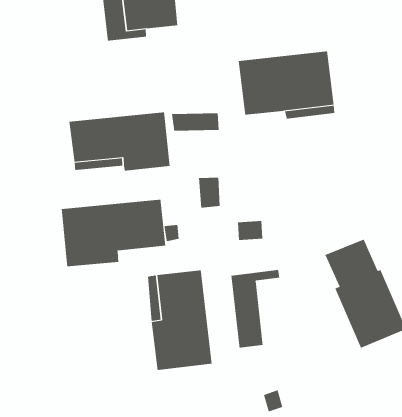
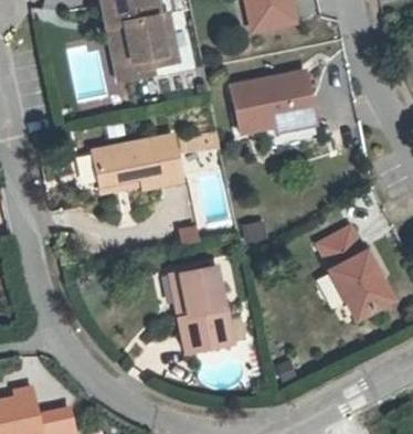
building: [61,199,166,267] -> none
building: [231,269,280,348] -> none

